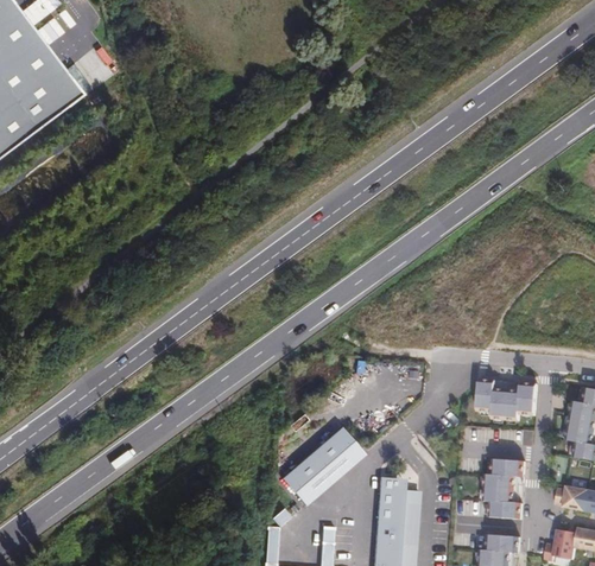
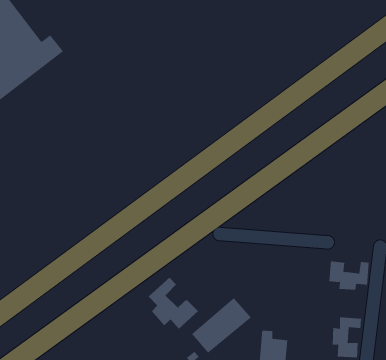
building: none -> [148,277,199,329]

